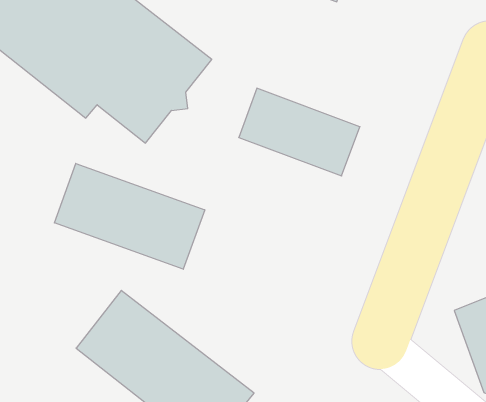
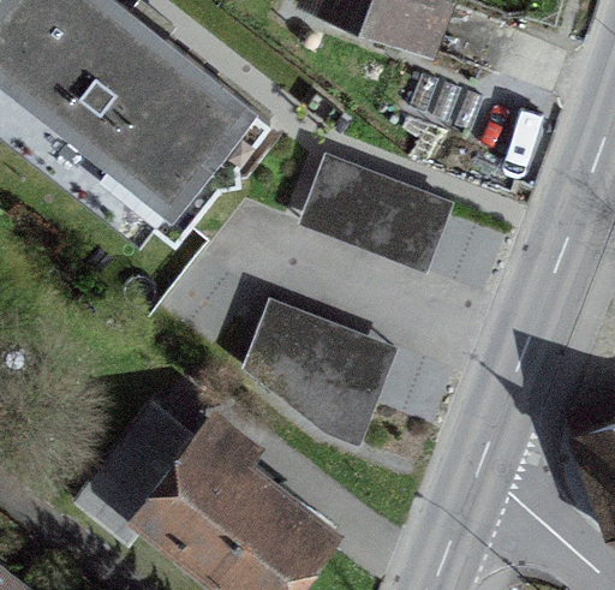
building: [54,163,205,269] -> none
building: none -> [255,300,393,431]

